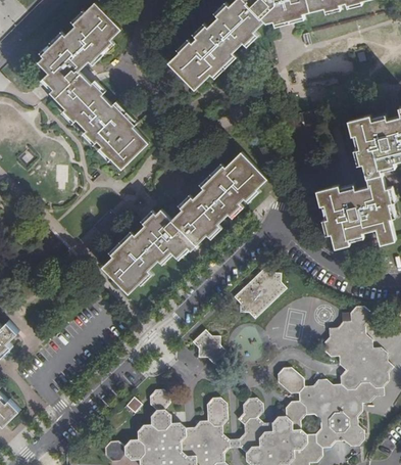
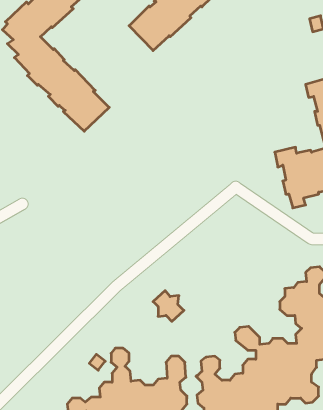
building: [103,152,266,291] -> none
building: [234,269,285,319] -> none

